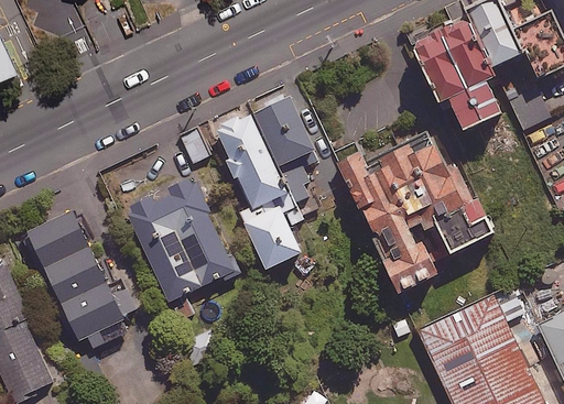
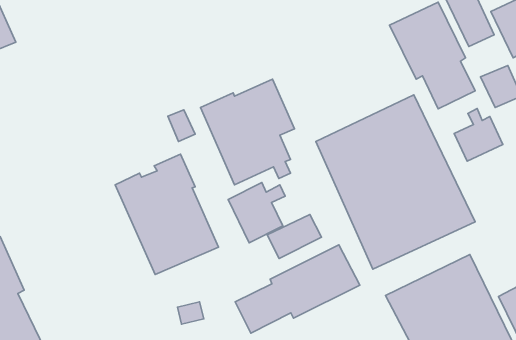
building: none -> [454,109,503,161]
building: [28,212,135,349] -> none
building: none -> [267,214,321,258]
building: none -> [235,245,360,333]

